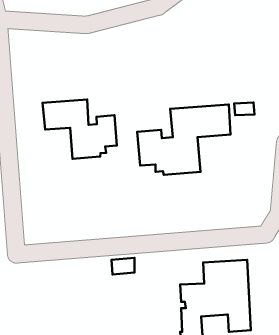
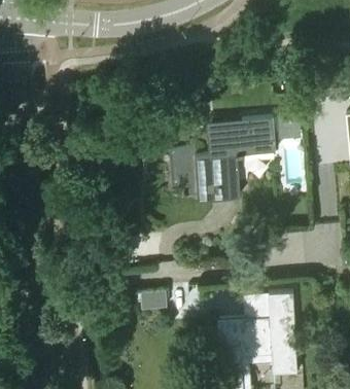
building: [43,99,117,159] -> none

